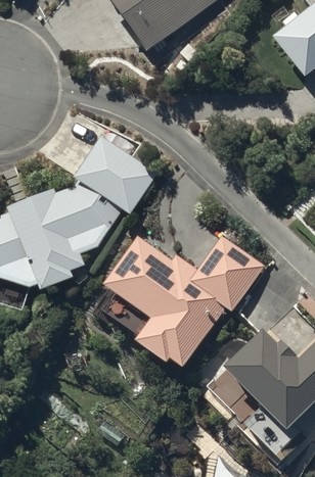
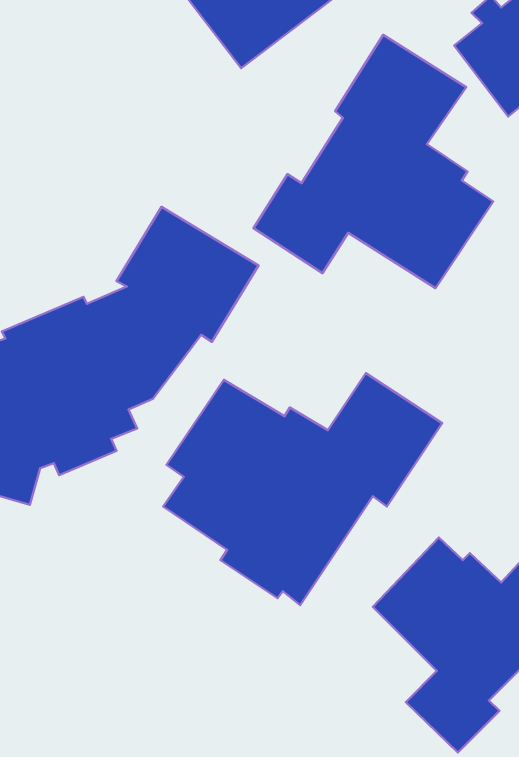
building: none -> [253,35,493,288]

